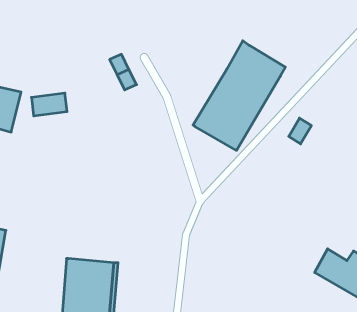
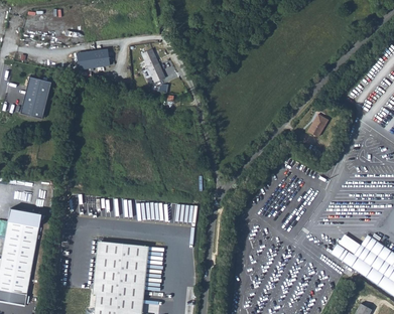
building: [193,41,285,150] -> none
building: [31,93,67,116] -> [76,47,109,68]

